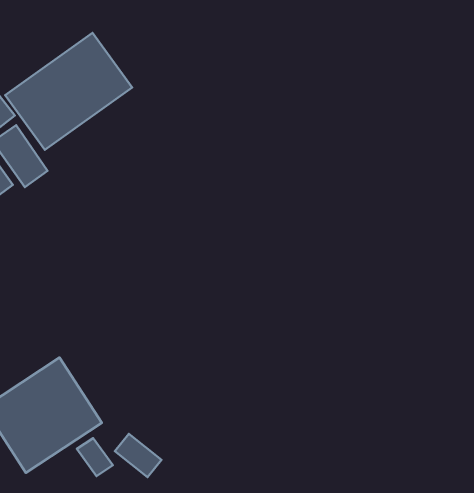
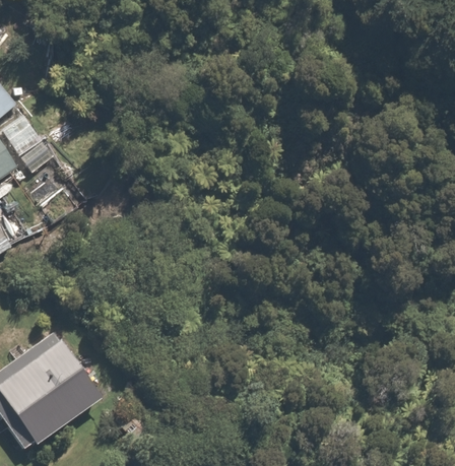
building: [5,33,132,150] -> none

